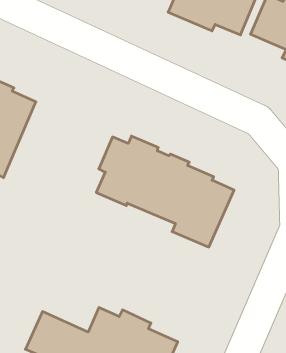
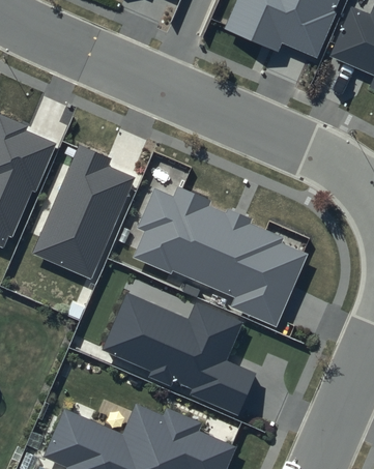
building: none -> [32,145,136,280]
building: none -> [102,291,258,416]

